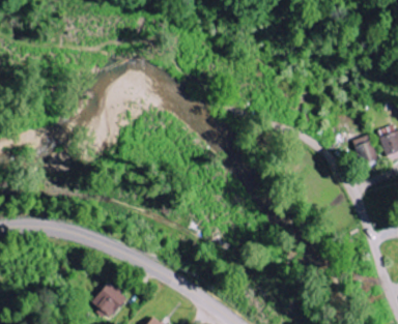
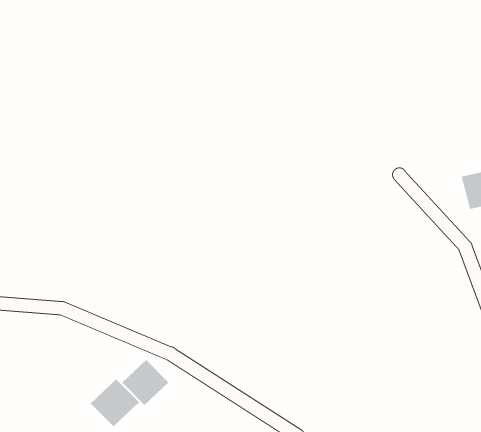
building: none -> [122,359,169,406]

